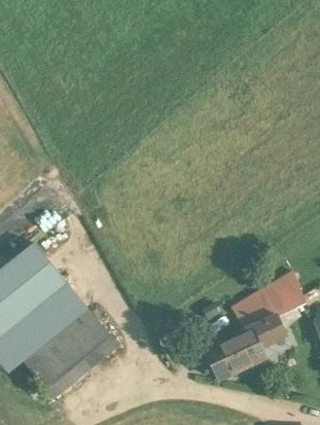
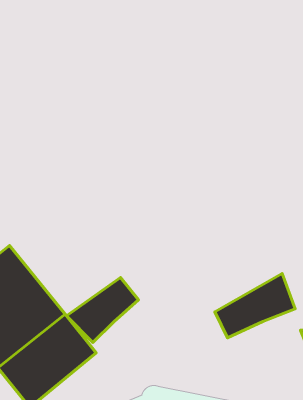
building: none -> [66,278,139,343]
building: [208,315,287,378] -> none

